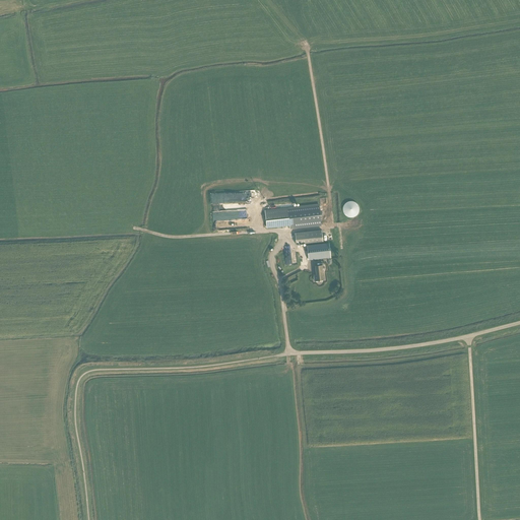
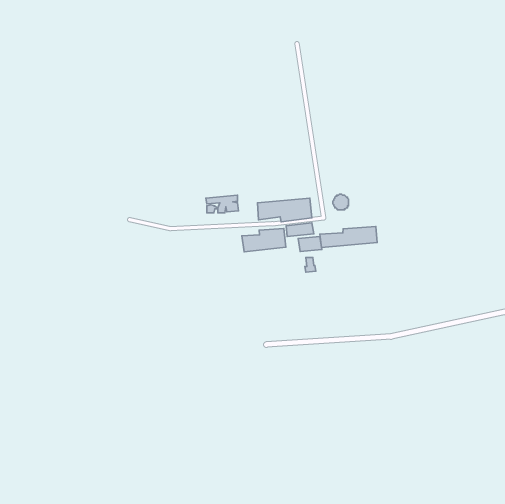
building: none -> [320,227,377,248]
building: none -> [242,228,286,252]

